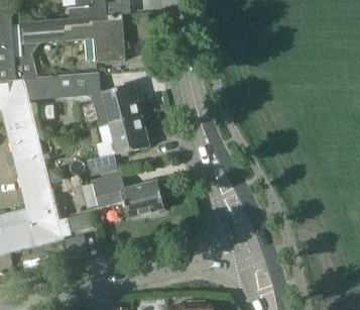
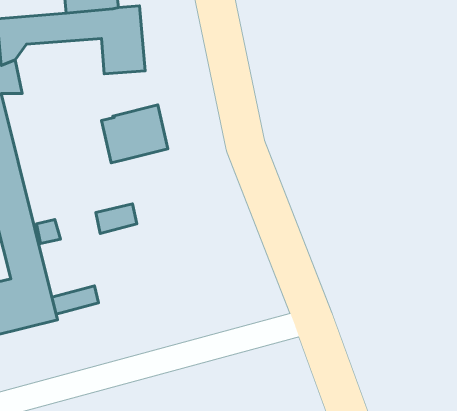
building: [26,73,100,98] -> none
building: [109,116,148,153] -> none
building: [92,175,163,217] -> none

